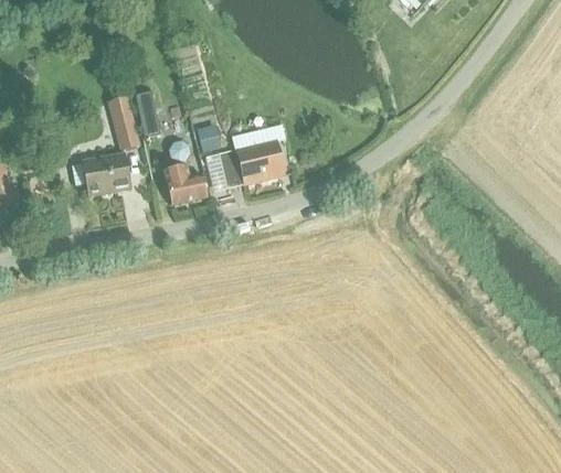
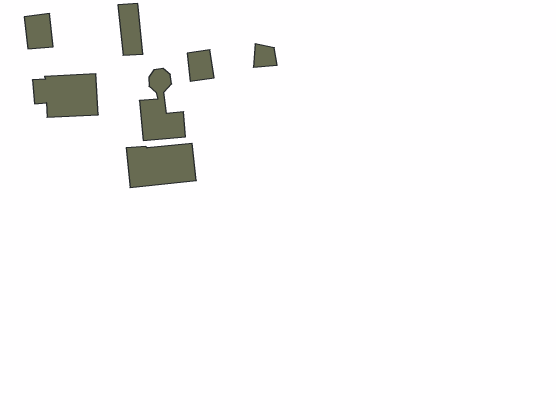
building: [114,114,141,146] -> [24,14,53,49]
building: [221,141,284,185] -> [126,143,196,188]

